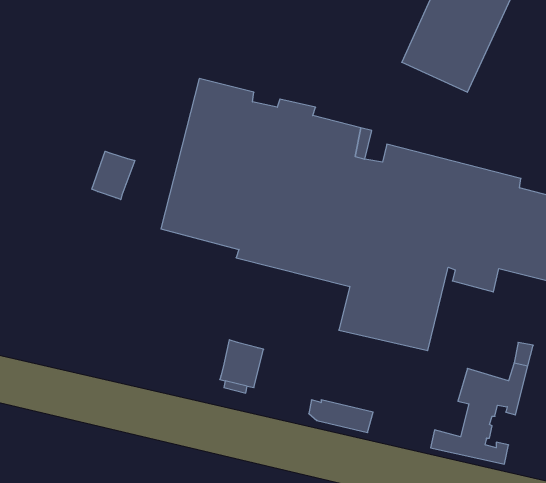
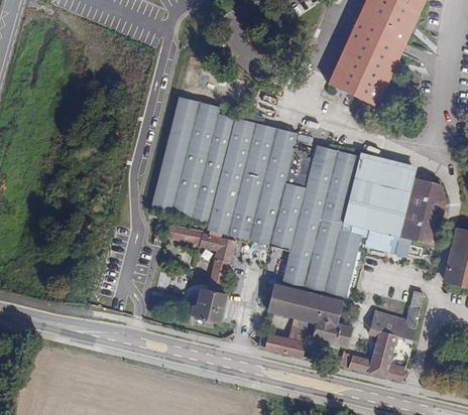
building: [92,151,135,200] -> none
building: none -> [167,225,236,291]
building: none -> [267,284,353,347]

